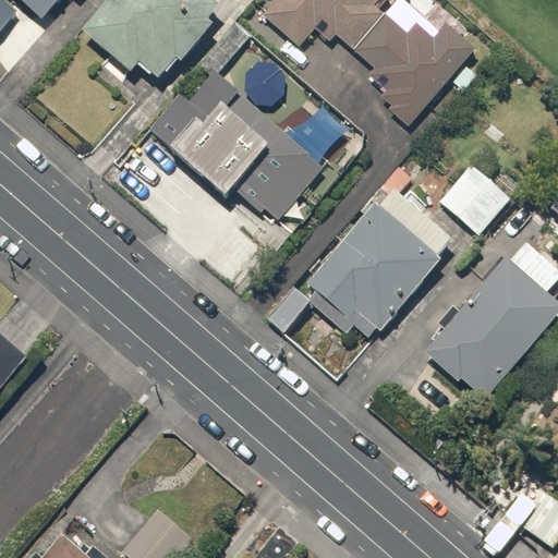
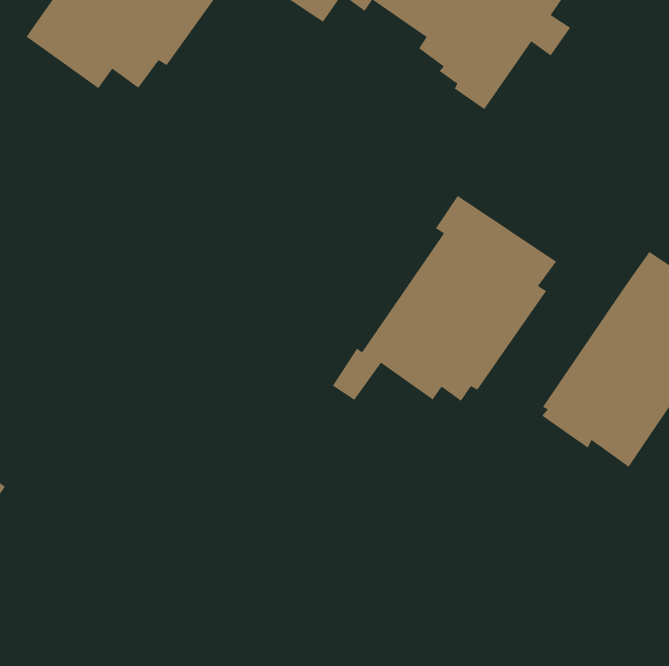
building: [146,64,327,227] -> none
building: [439,162,511,233] -> none

